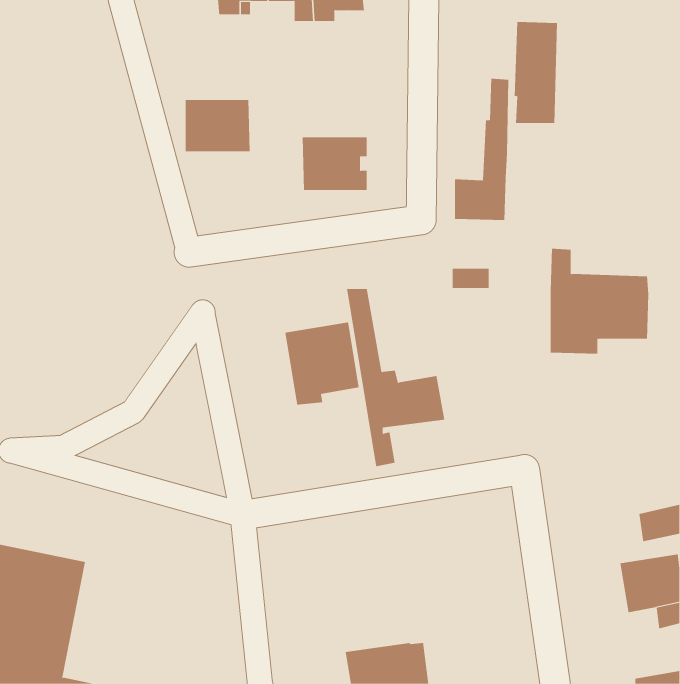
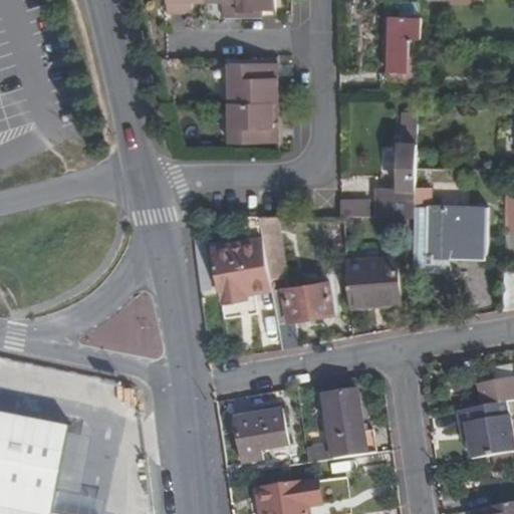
building: [454,78,509,220] -> [373,111,415,218]
building: [185,100,250,152] -> [226,63,275,102]
building: none -> [344,258,399,307]
building: none -> [303,392,373,463]
building: none -> [233,411,288,463]

